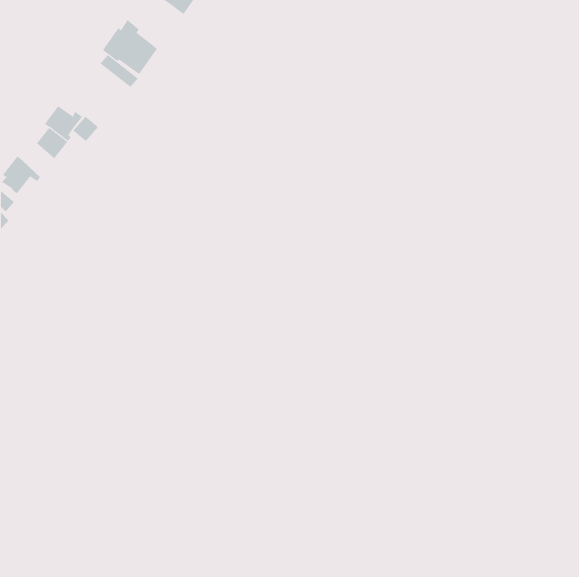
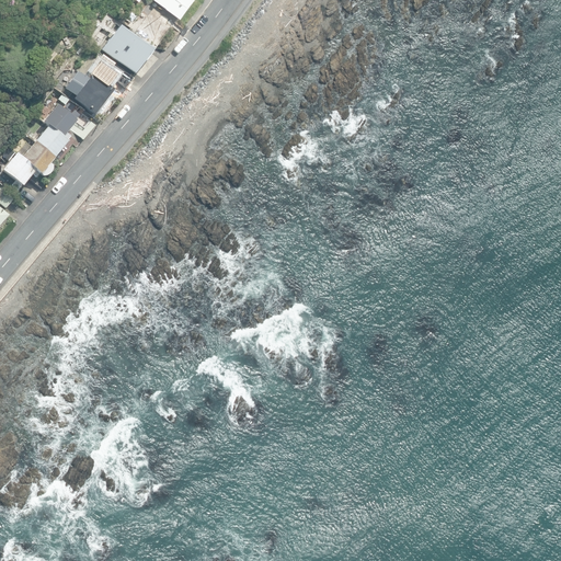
building: none -> [66,69,114,113]
building: none -> [23,138,54,173]

